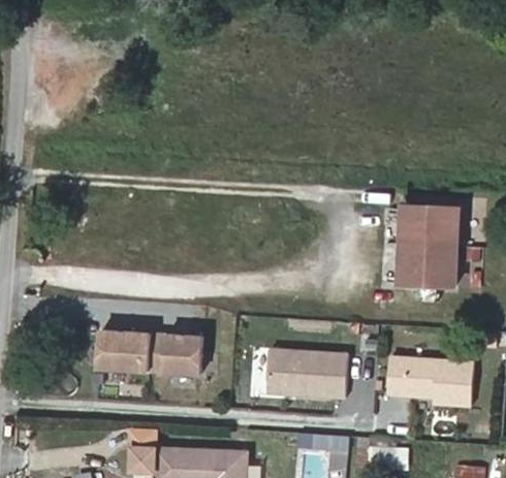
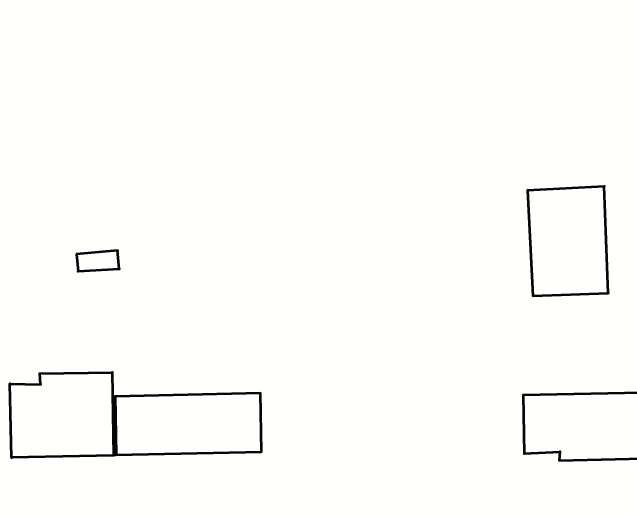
building: none -> [10,372,114,458]
building: [263,348,346,400] -> none

